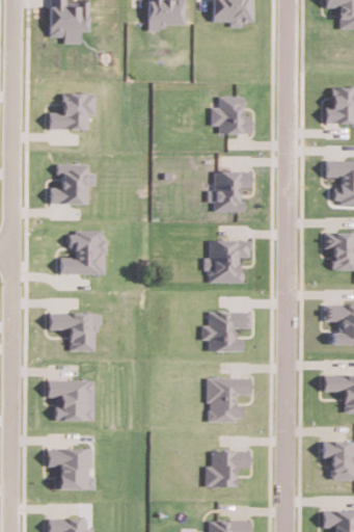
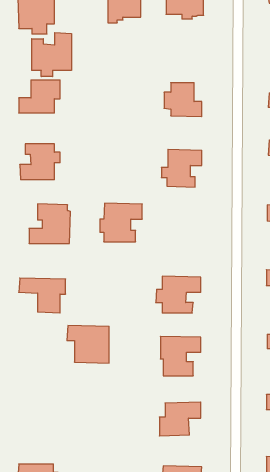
building: none -> [32,33,71,77]
building: [203,240,250,283] -> [100,203,142,242]
building: [47,379,93,421] -> [67,326,109,363]
building: [48,449,94,489] -> none

